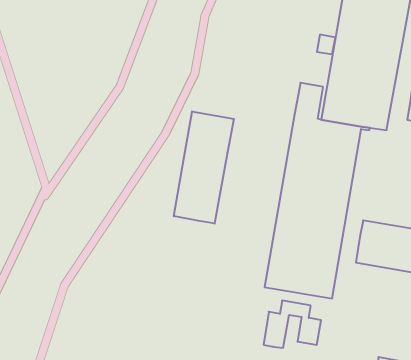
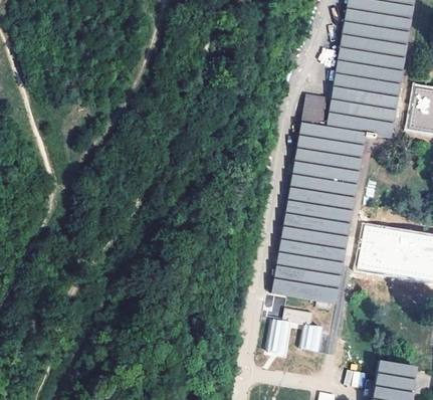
building: [174,111,234,224] -> none

